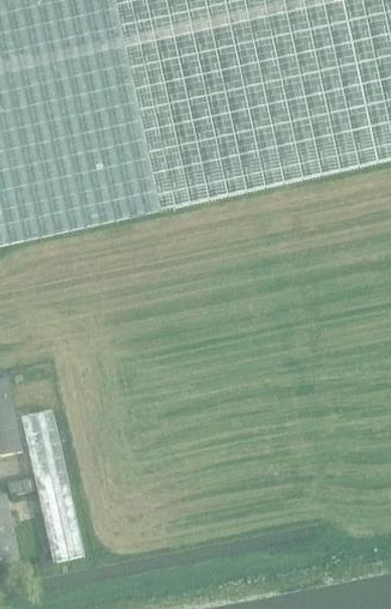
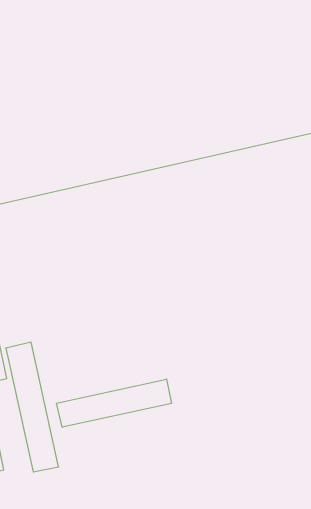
building: none -> [56,379,171,427]

